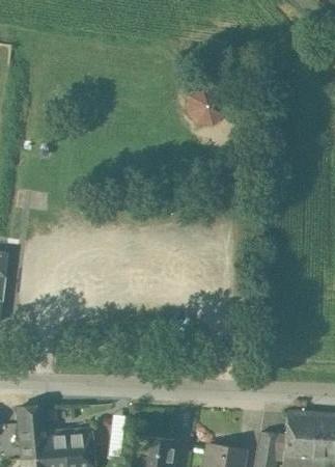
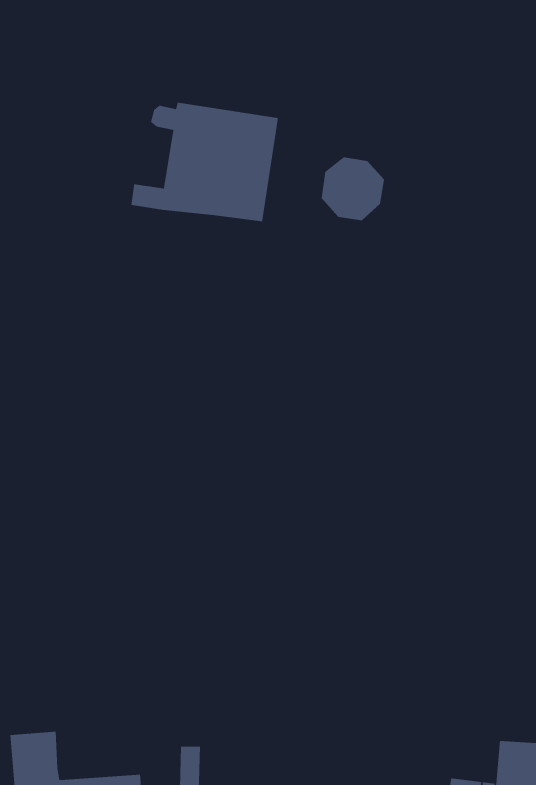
building: none -> [131,102,279,222]

